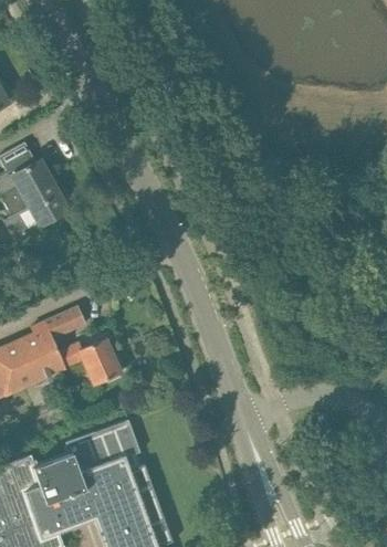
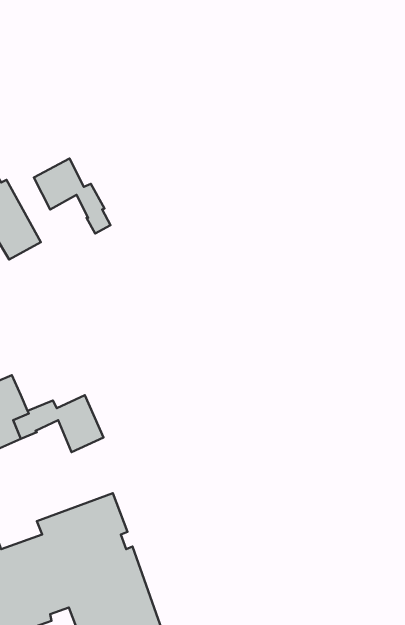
building: none -> [34,158,111,233]
building: [43,307,84,339] -> none

